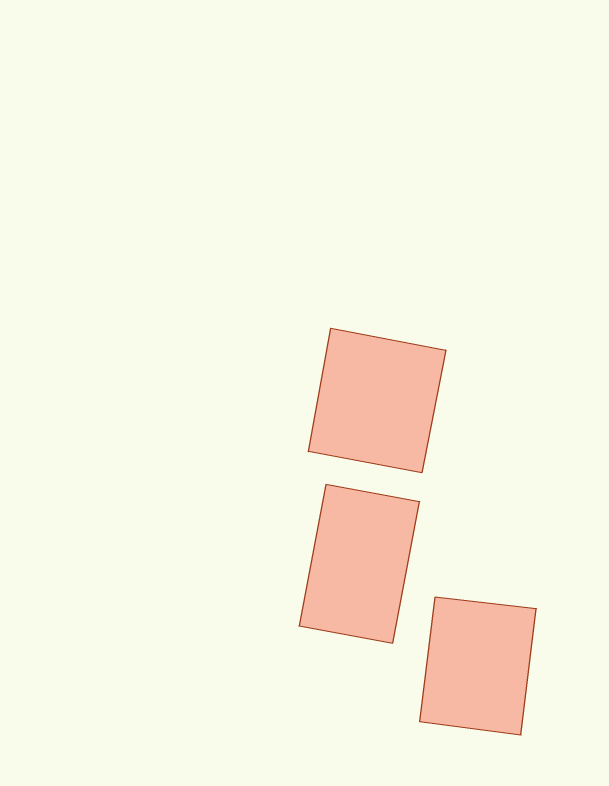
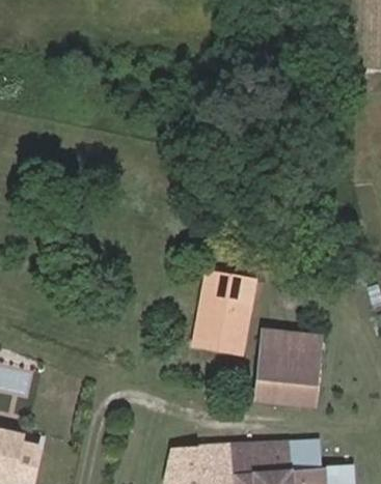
building: [308,328,446,473] -> none

